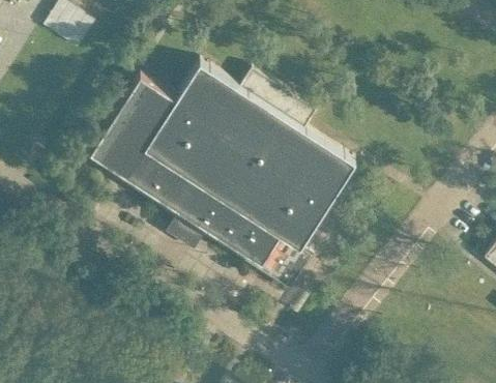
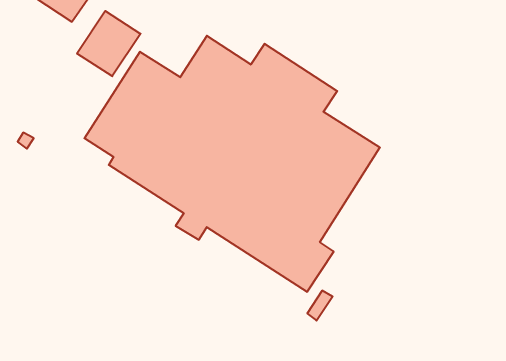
building: none -> [77,11,141,76]

